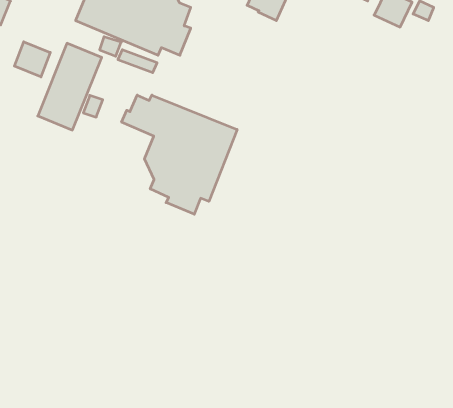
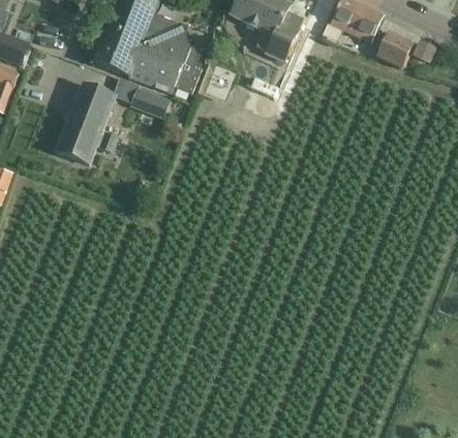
building: [14,42,50,77] -> none
building: [122,95,237,214] -> none

